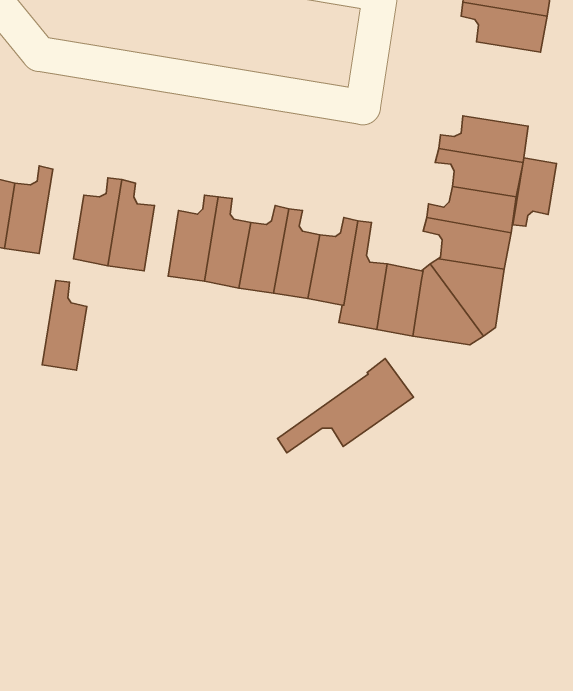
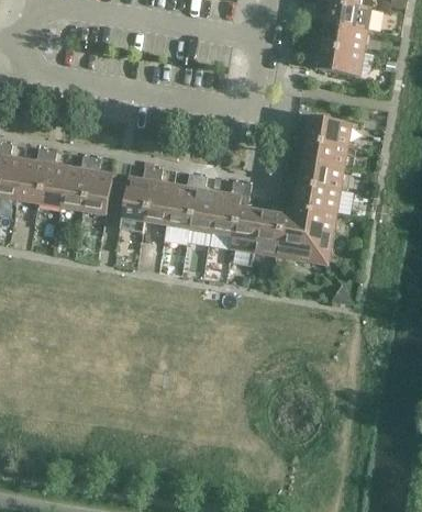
building: [513,158,557,226] -> none
building: [42,281,87,370] -> [40,149,68,207]
building: [278,359,414,453] -> none

